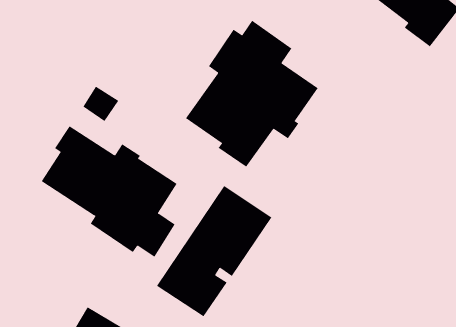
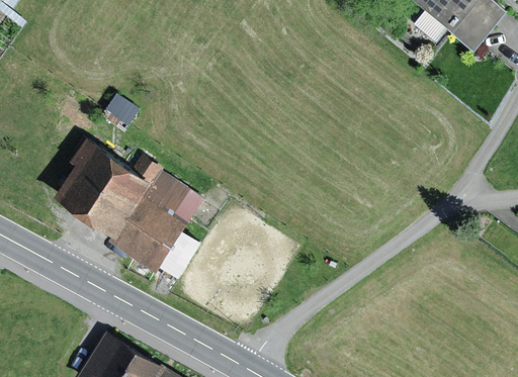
building: [185,20,318,168] -> none
building: [156,185,272,317] -> none

